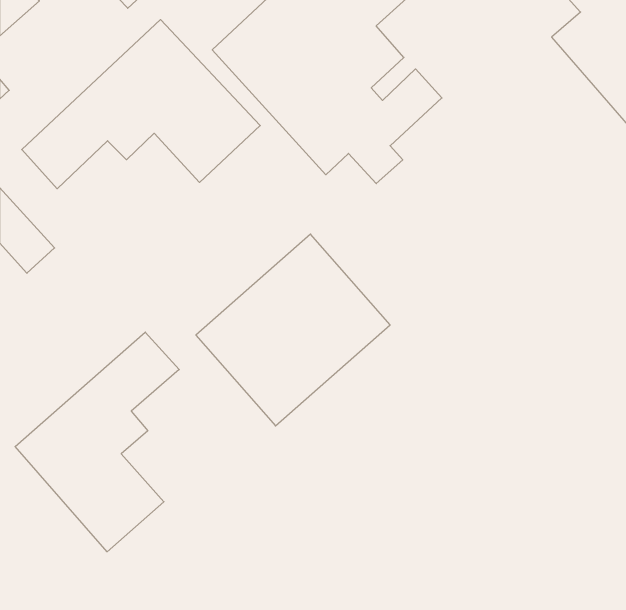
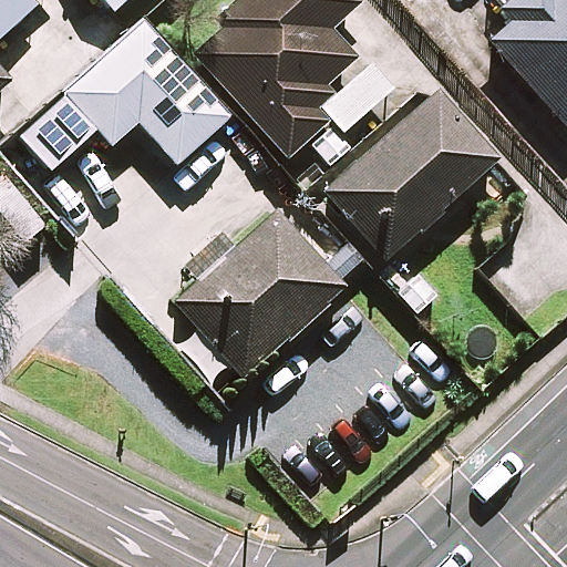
building: none -> [326,93,496,259]
building: [15,332,179,552] -> none

